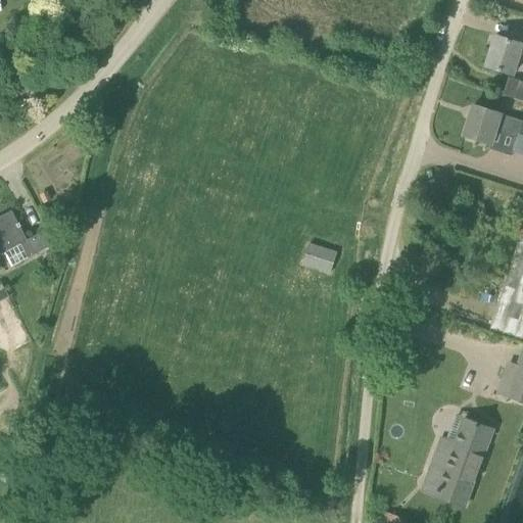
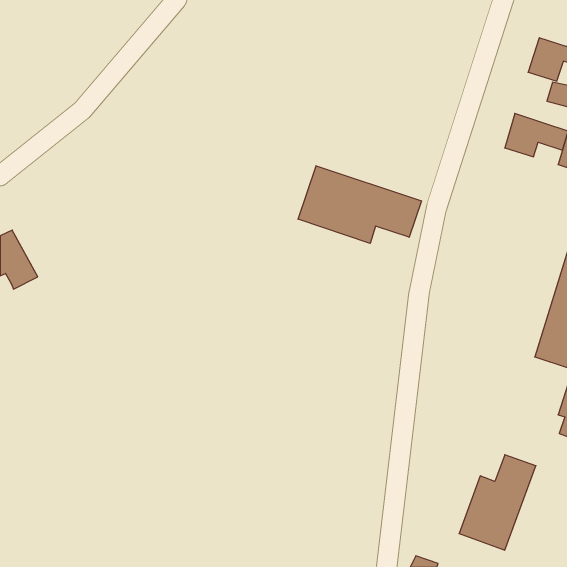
building: none -> [298,166,422,243]
building: [303,243,338,273] -> none

